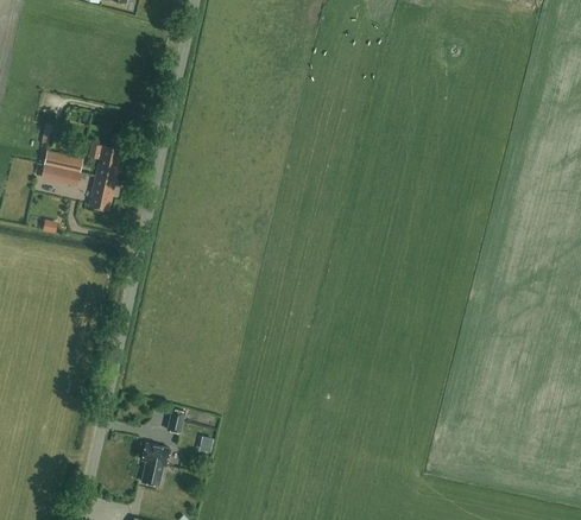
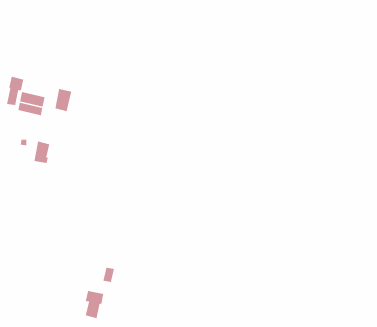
building: none -> [6,76,24,106]
building: [90,176,115,210] -> [33,141,50,164]

